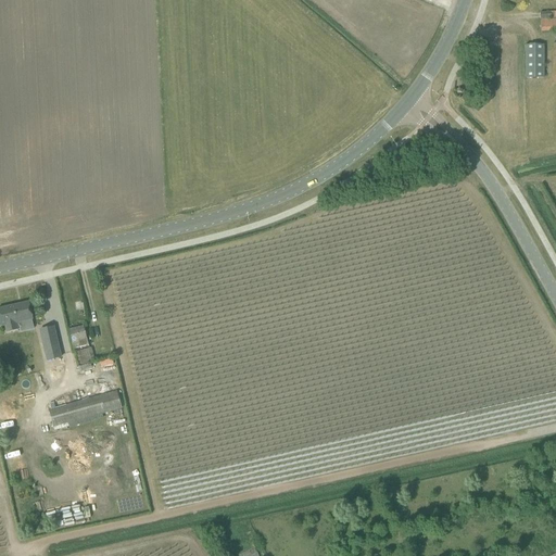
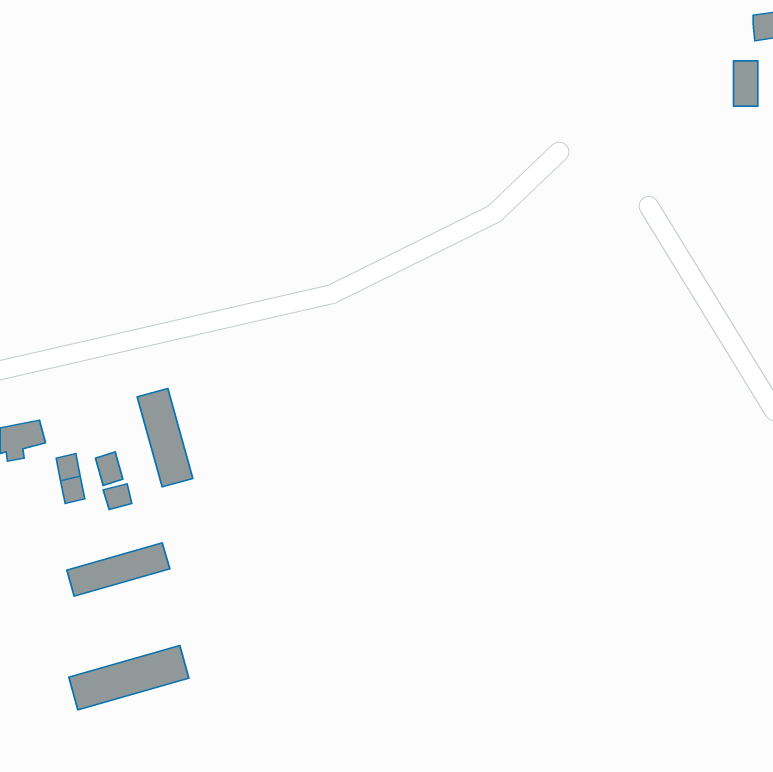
building: none -> [137,388,193,487]
building: none -> [69,645,189,710]

